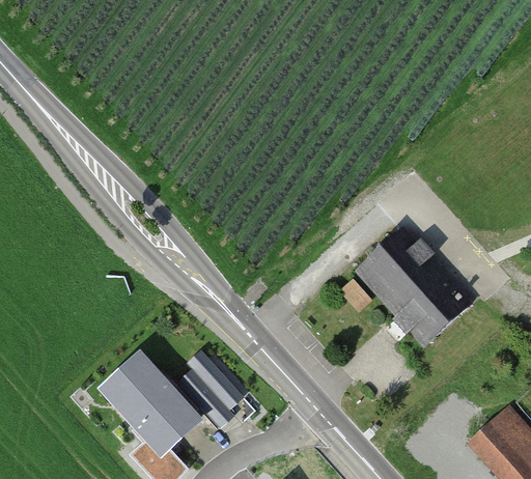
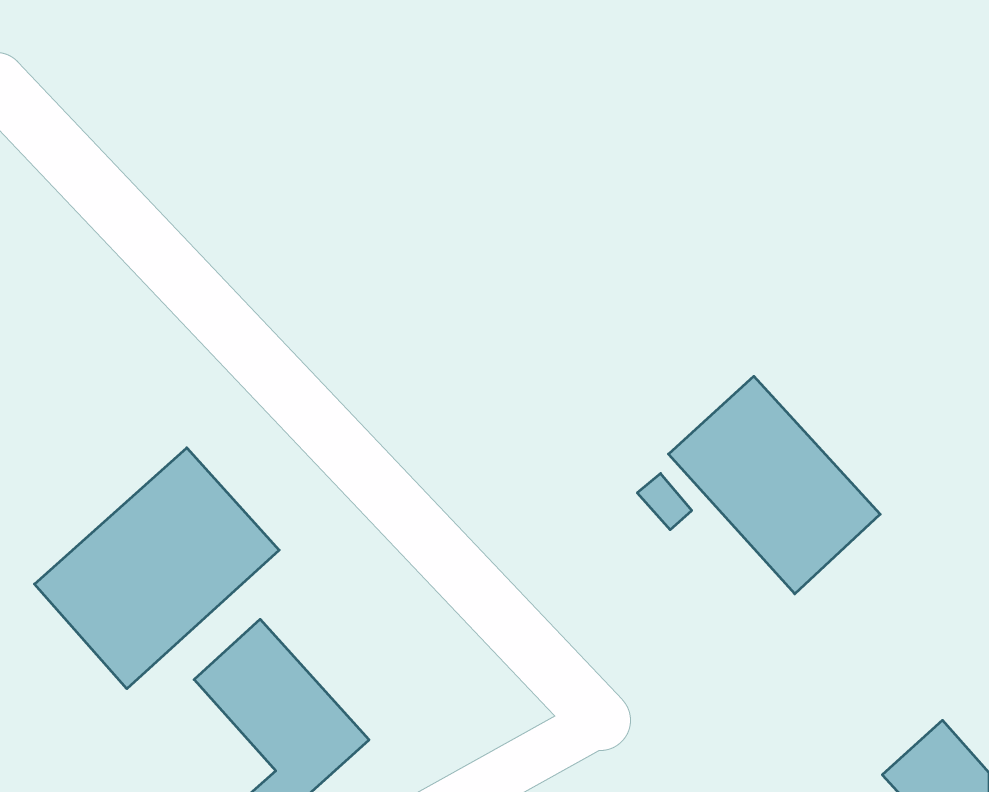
building: none -> [34,448,279,689]
building: [178,351,240,426] -> none

